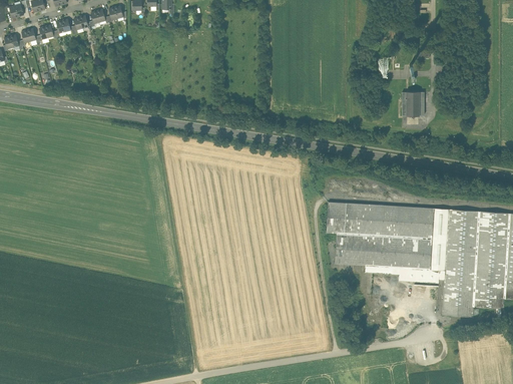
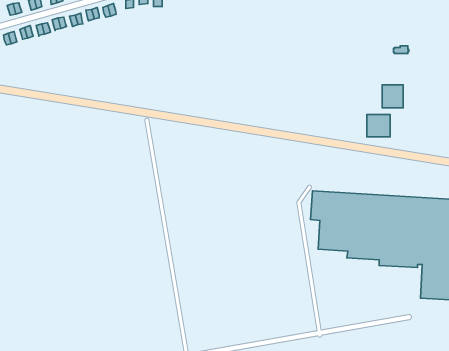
building: none -> [367,114,390,137]

